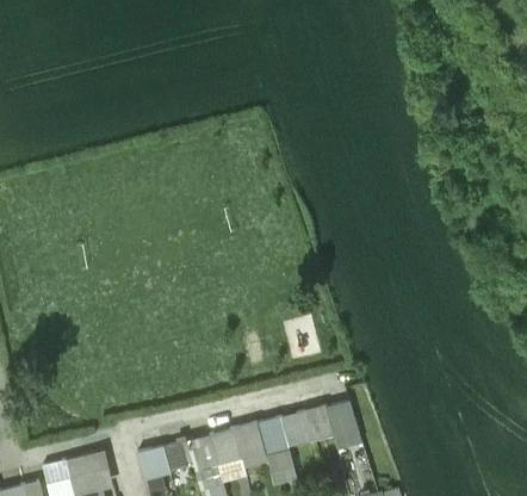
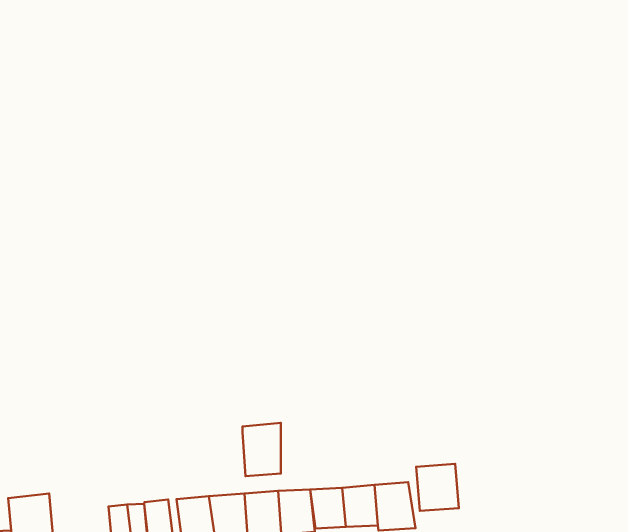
building: none -> [242,423,281,476]
building: none -> [416,464,459,511]

